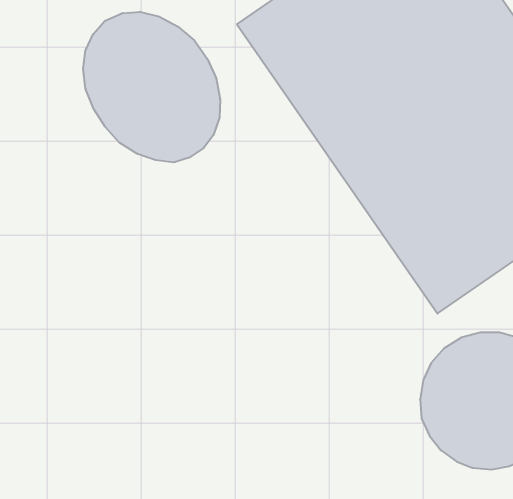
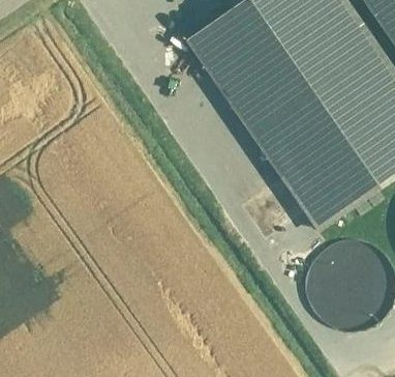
building: [83,12,220,162] -> none

